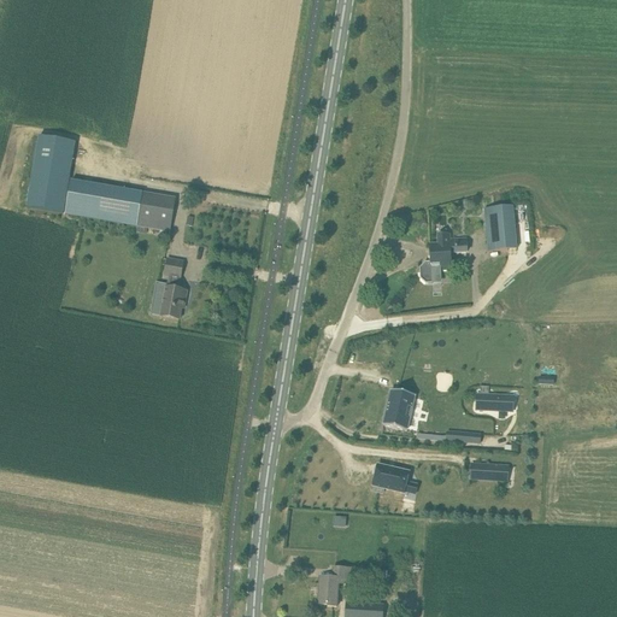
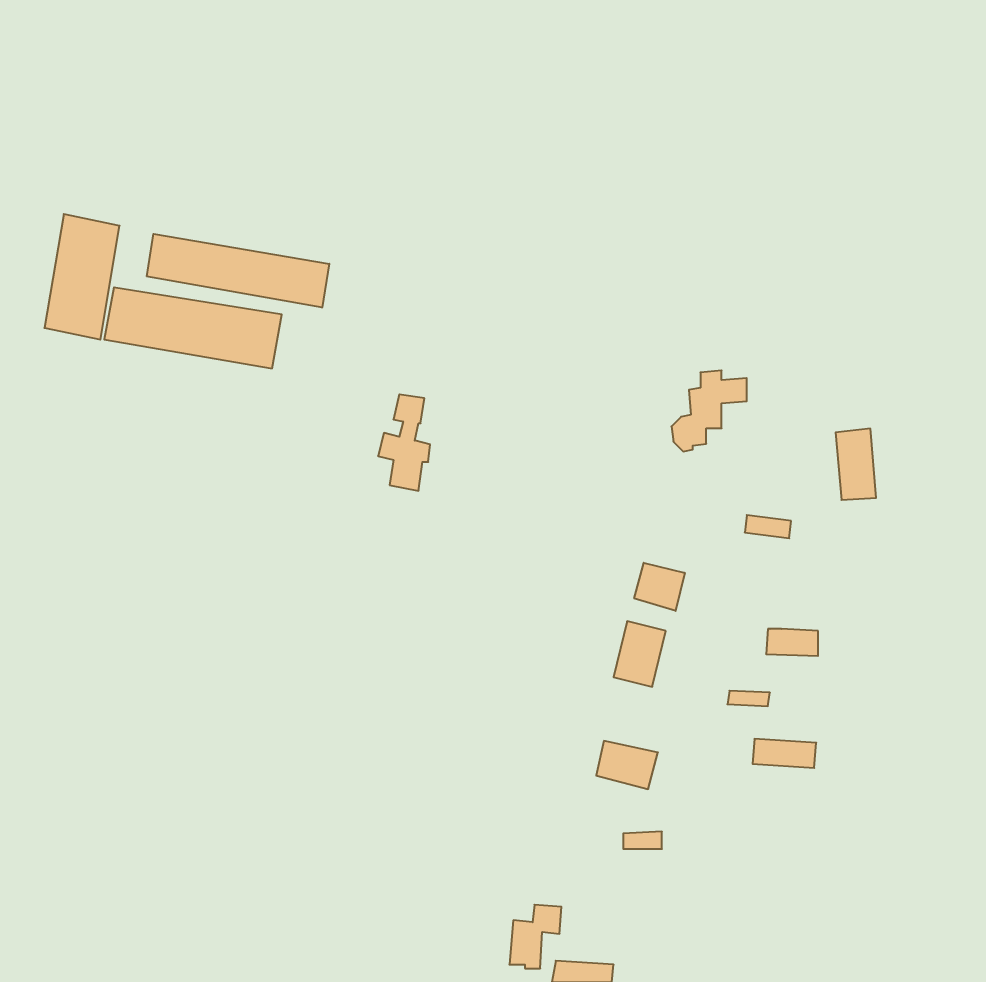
building: none -> [147,234,329,308]
building: [484,205,510,249] -> [836,429,876,500]
building: [154,258,187,318] -> [378,394,430,491]
building: none -> [634,563,685,611]

